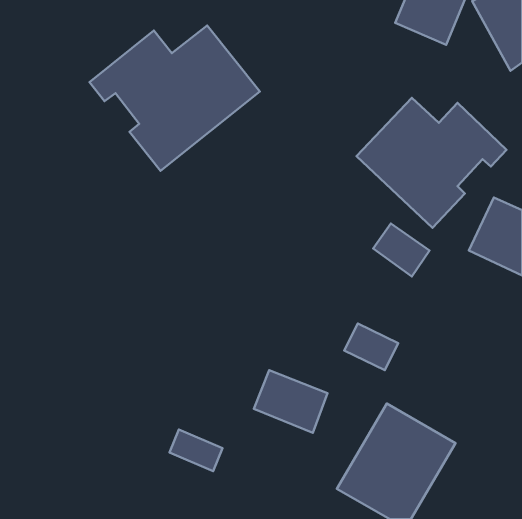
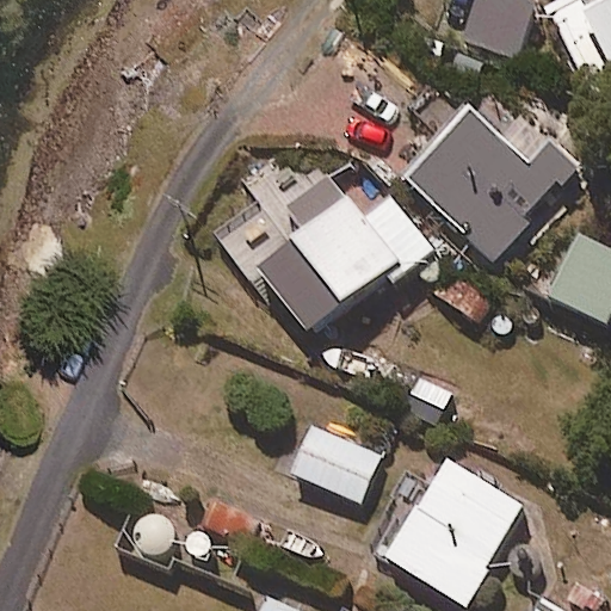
building: [90,25,260,171] -> none
building: none -> [258,167,428,333]

